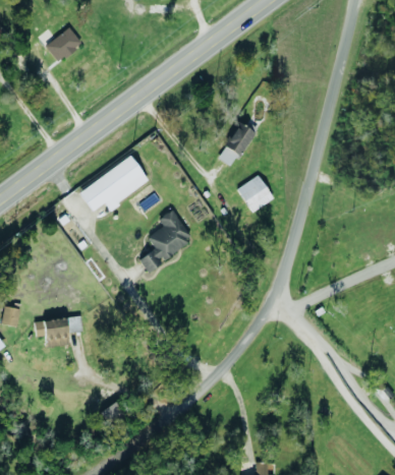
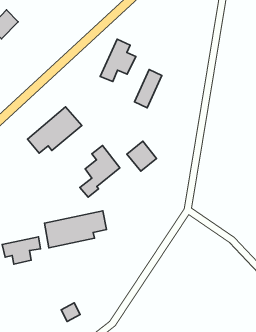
building: none -> [100,39,136,82]
building: [237,175,274,213] -> [127,141,157,171]
building: none -> [44,211,107,248]

